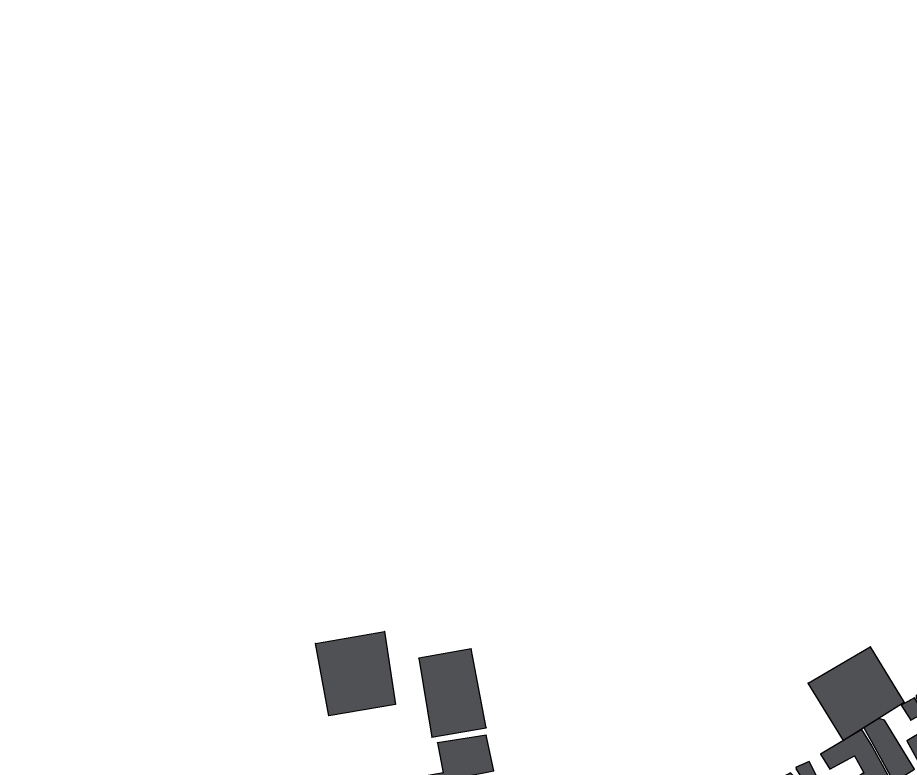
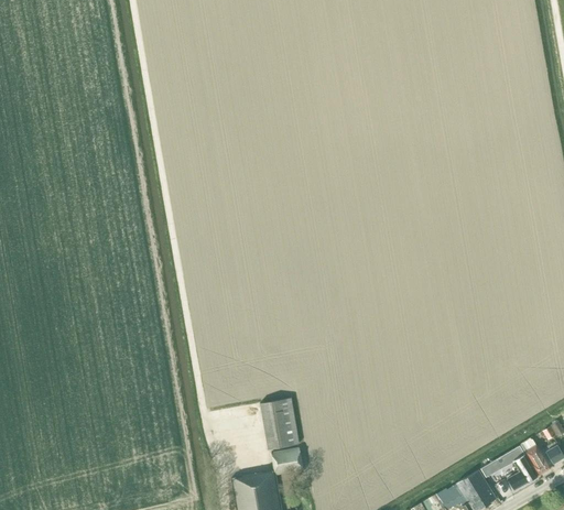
building: [316,631,395,716] -> none
building: [808,647,904,741] -> none

